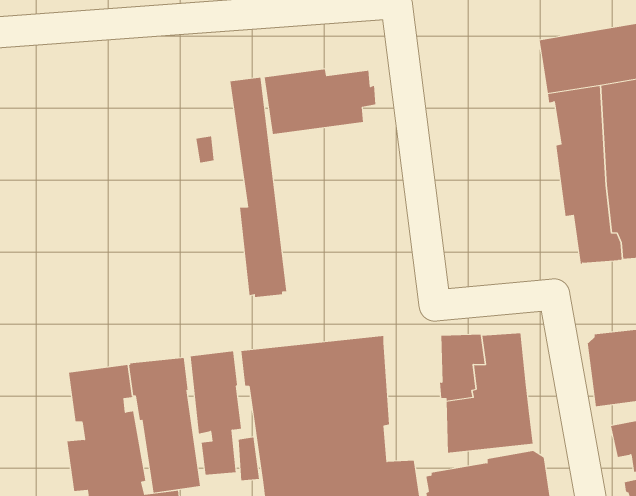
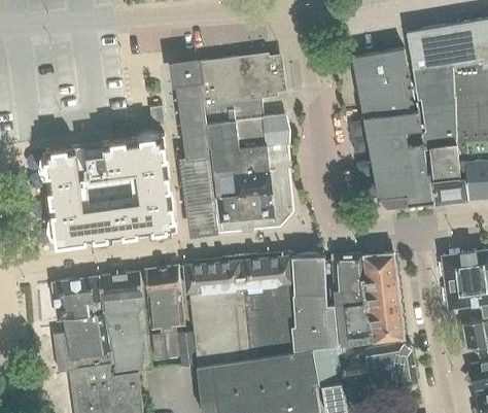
building: none -> [353,49,434,208]
building: none -> [205,98,284,222]
building: none -> [45,137,177,246]
building: none -> [292,257,338,349]

